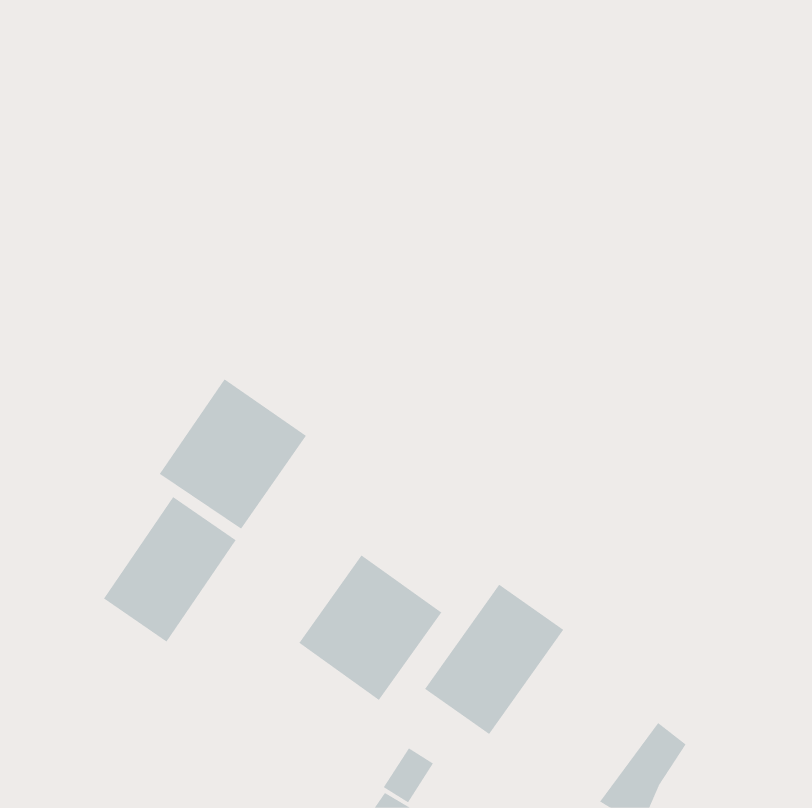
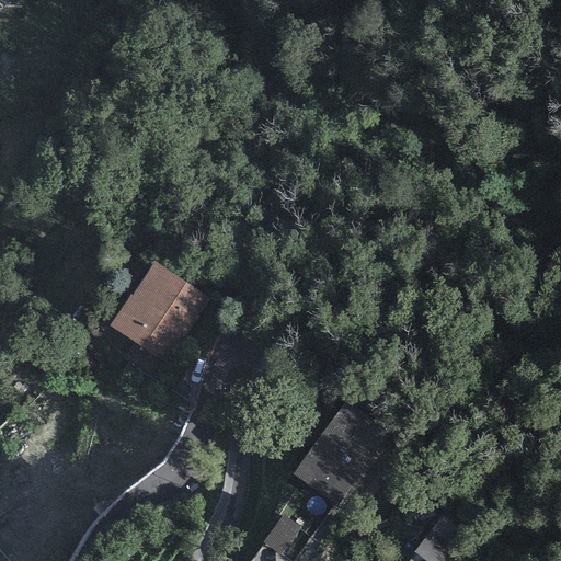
building: [103,496,237,642] -> none
building: [298,555,442,701] -> none

